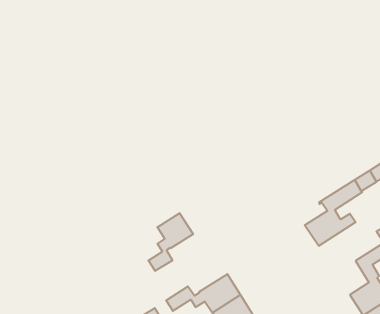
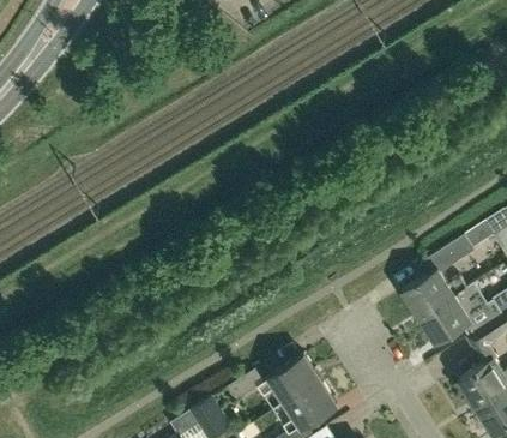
building: [148,213,193,271] -> none
building: none -> [420,283,487,343]

